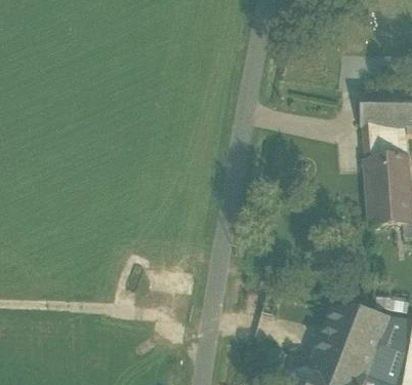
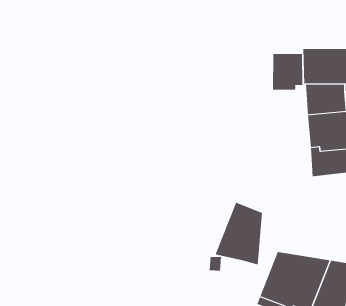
building: none -> [273,53,303,90]
building: none -> [215,202,263,265]

